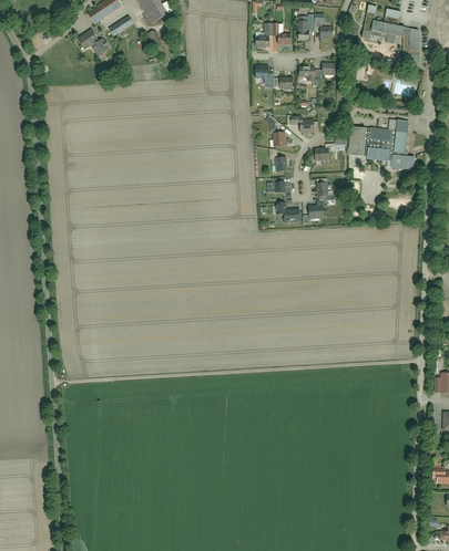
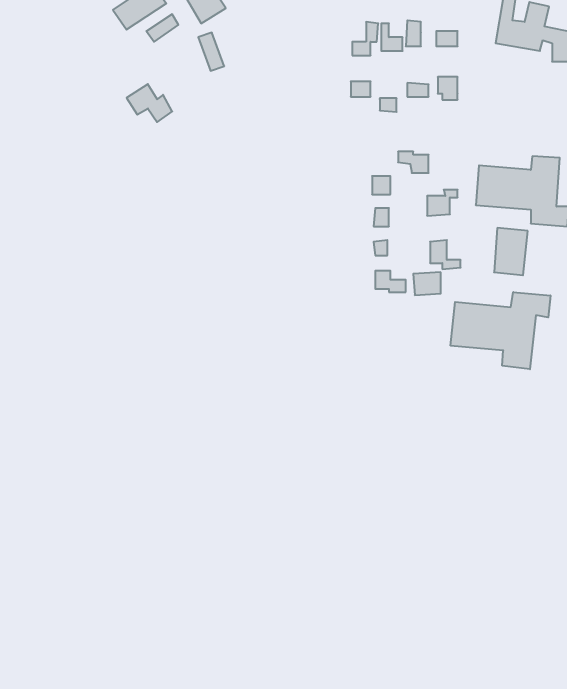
building: [76,29,110,56] -> [127,84,172,122]
building: none -> [451,292,550,369]

